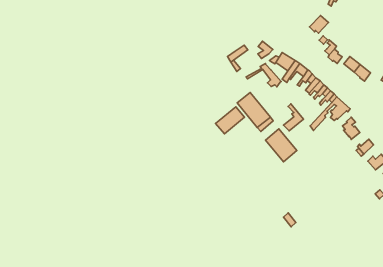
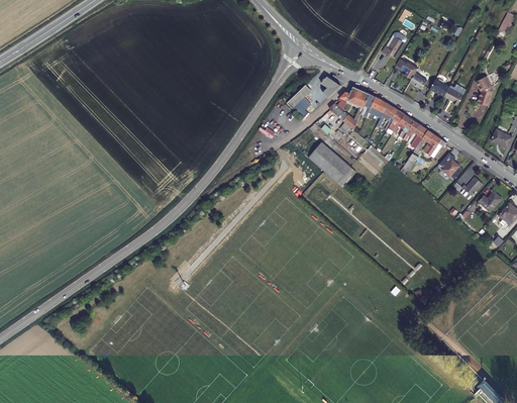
building: [216,107,245,134] -> none
building: [266,129,297,162] -> none

